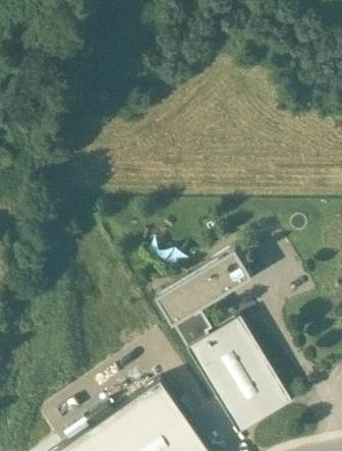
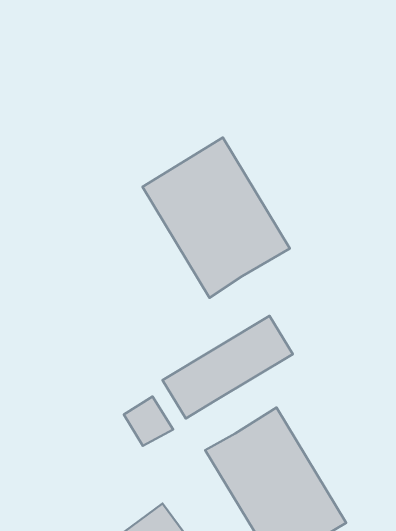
building: none -> [143,137,290,298]
building: [170,307,207,344] -> [124,397,173,446]

